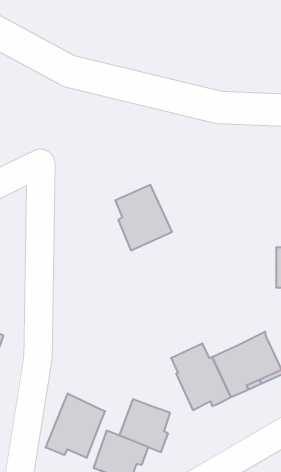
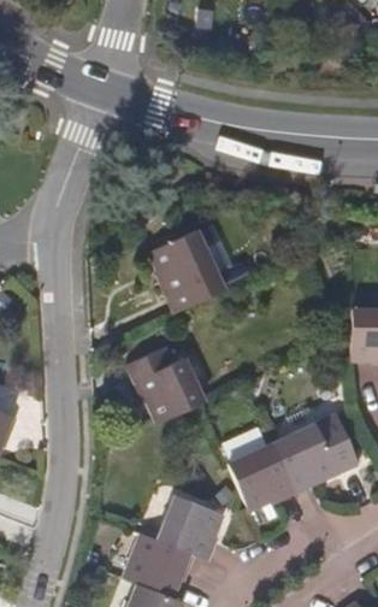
building: none -> [125,349,203,423]
building: [46,393,105,458] -> none

